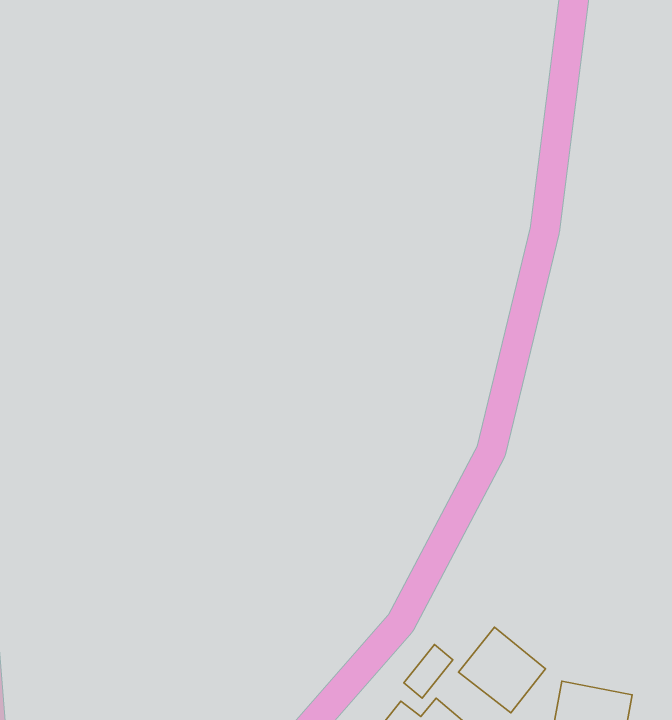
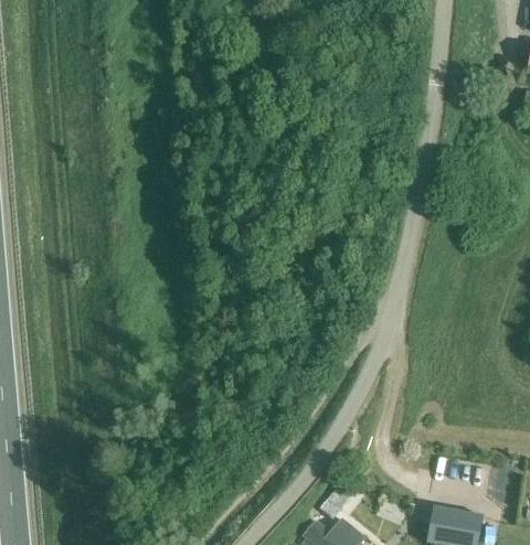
building: [459,627,546,713] -> none

